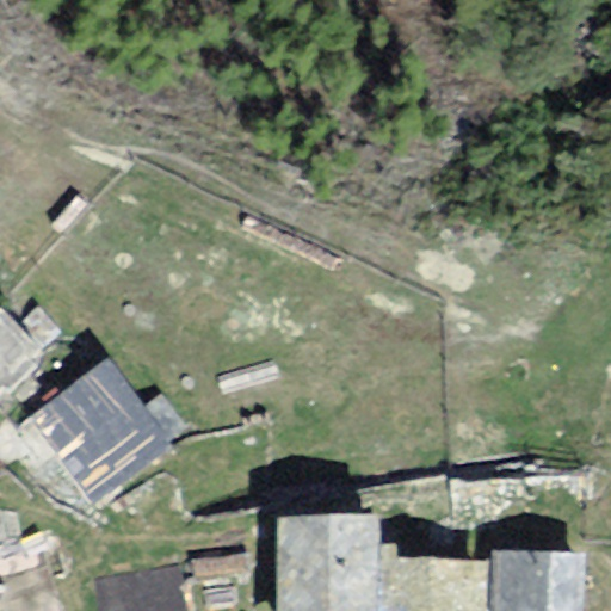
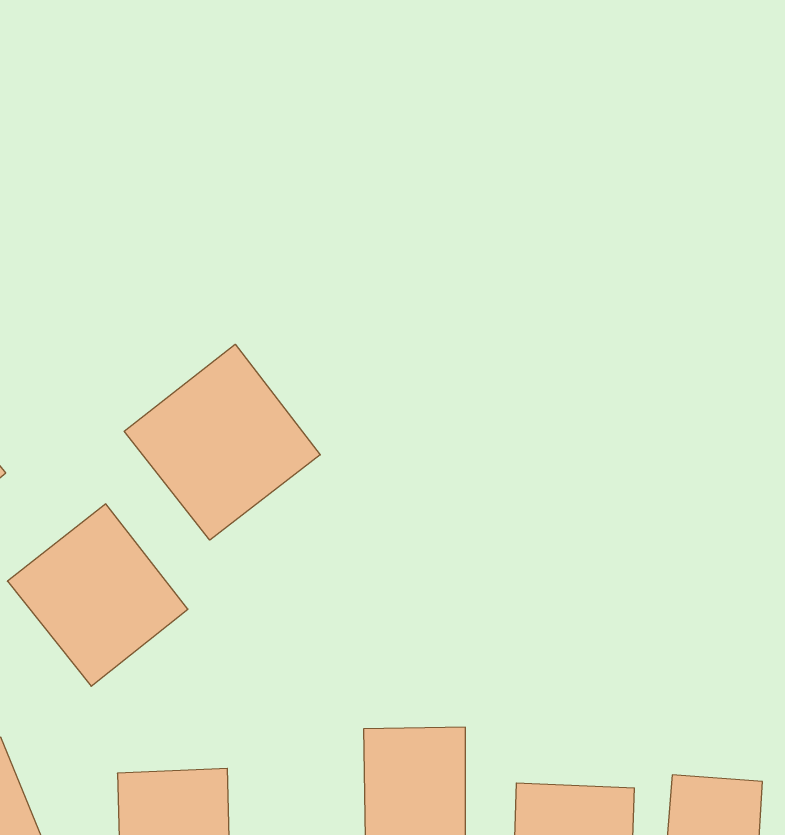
building: none -> [124,344,320,540]

